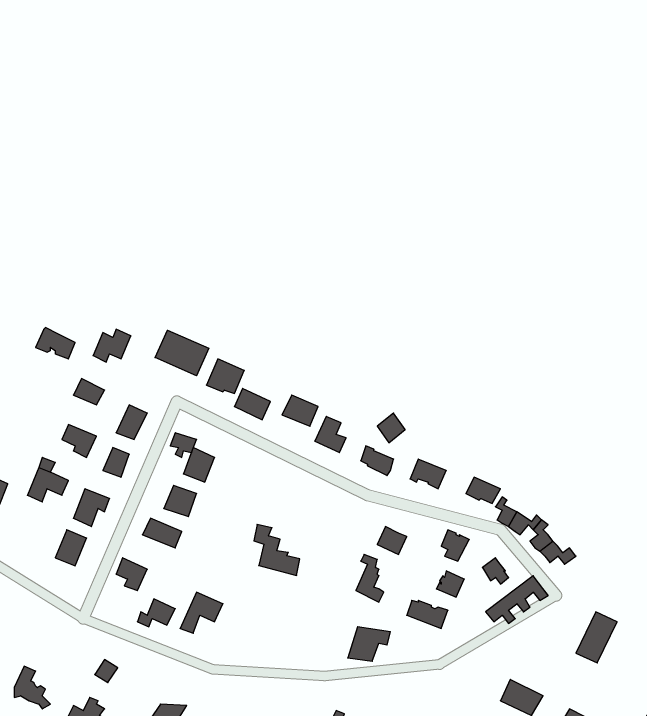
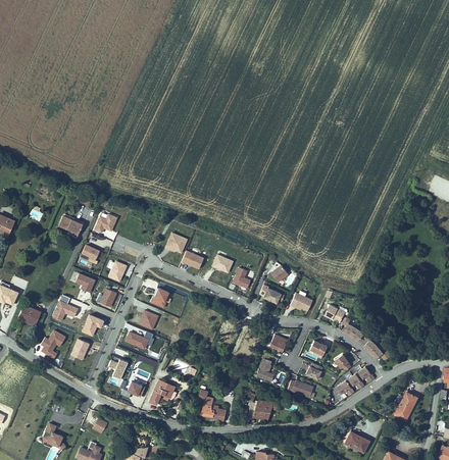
building: [155,330,209,376] -> none
building: none -> [40,329,65,360]
building: [254,524,300,575] -> [197,392,226,423]

